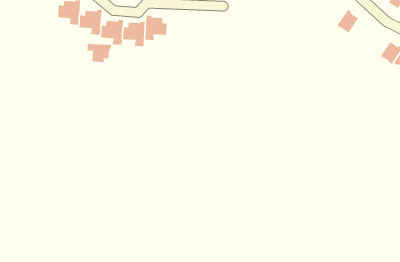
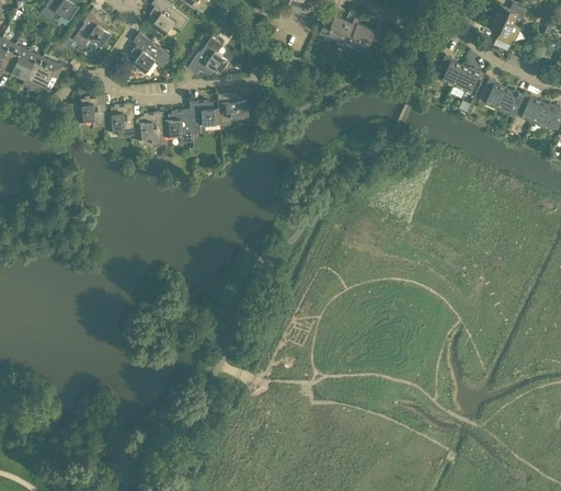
building: none -> [217,93,248,126]
building: none -> [451,65,480,94]
building: none -> [478,77,505,109]
building: [87,43,112,63] -> none

